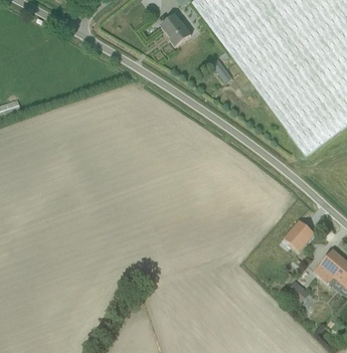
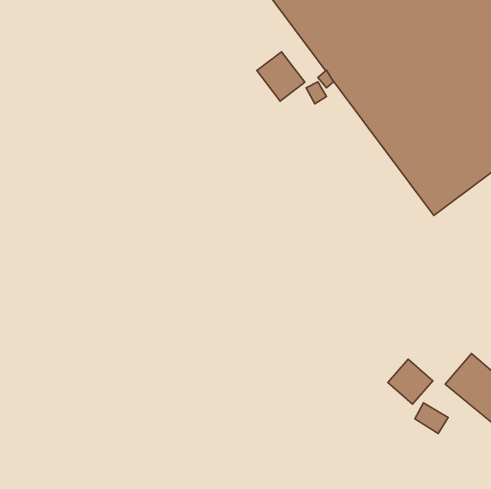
building: [158,13,191,47] -> [257,52,305,101]
building: [289,220,320,251] -> [388,359,433,404]

